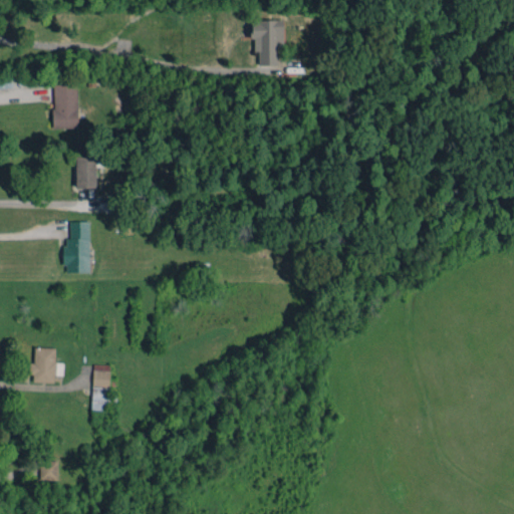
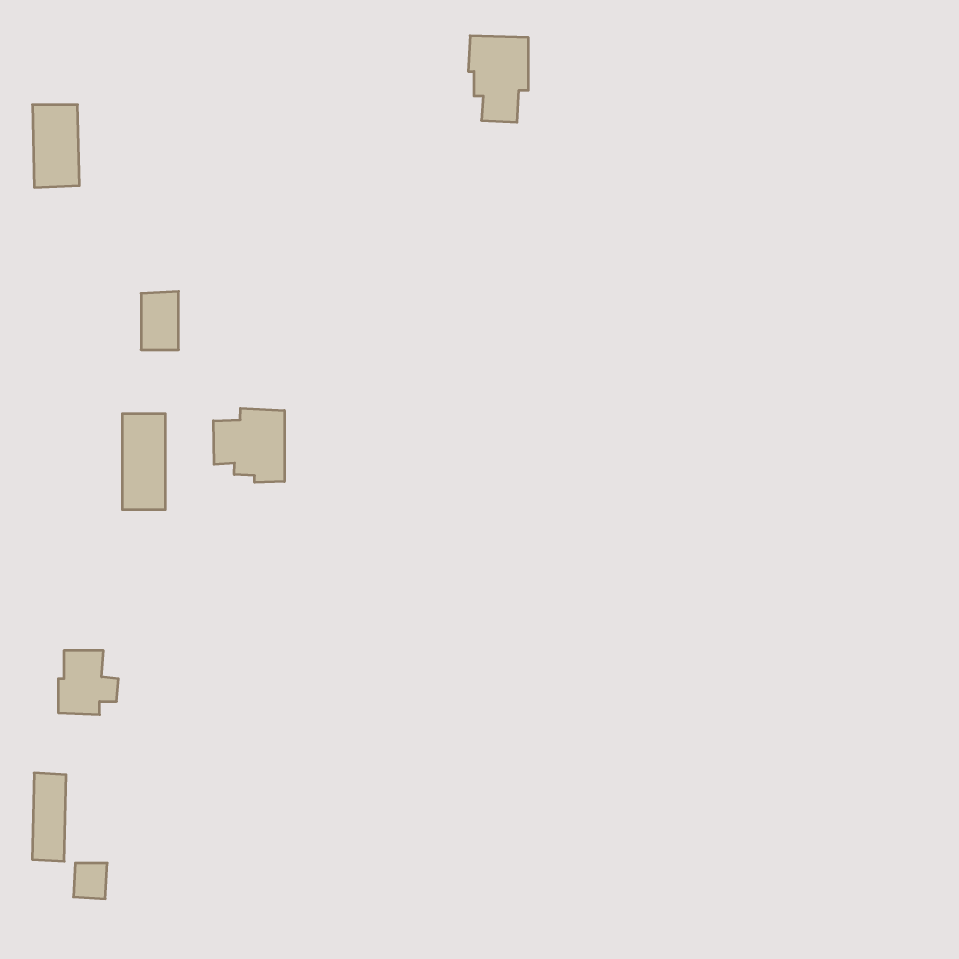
building: [53,84,78,128] -> [32,105,79,187]
building: none -> [213,408,284,482]
building: [92,364,110,412] -> [32,773,66,861]

